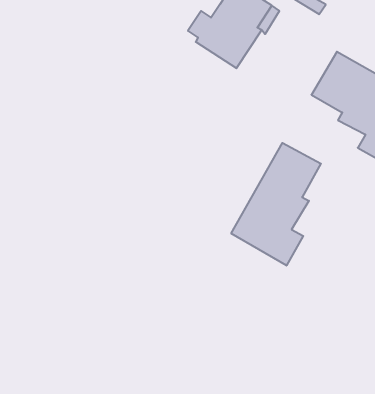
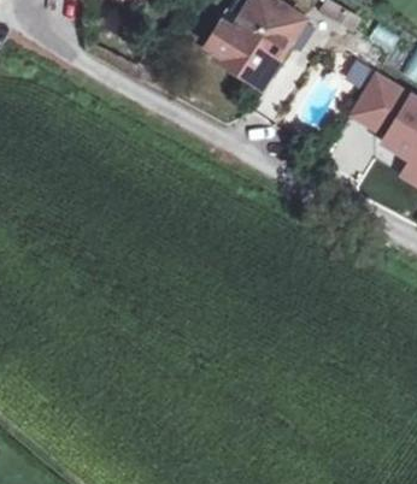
building: [231,143,321,266] -> none

